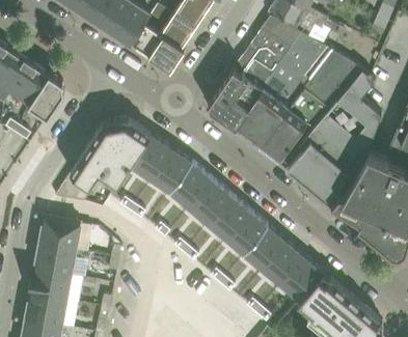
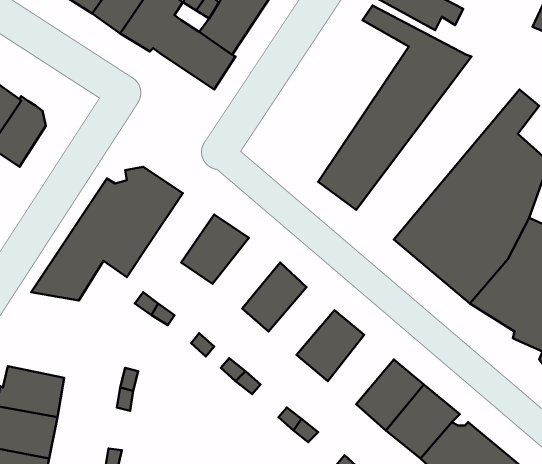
building: [207,26,293,128] -> none
building: [260,49,362,164] -> none
building: [130,135,170,178] -> none
building: [169,163,212,207] -> none
building: [205,194,246,236] -> none
building: [40,218,81,251] -> none
building: [242,224,283,268] -> none

